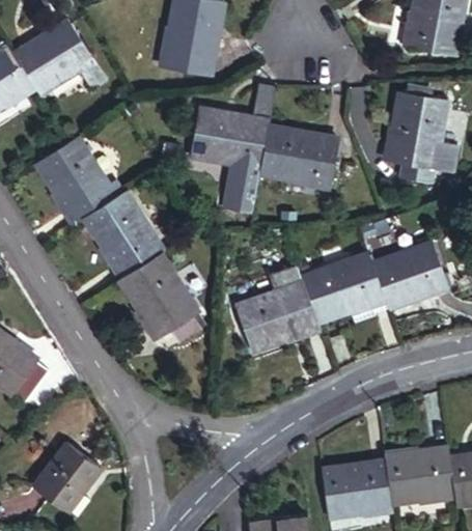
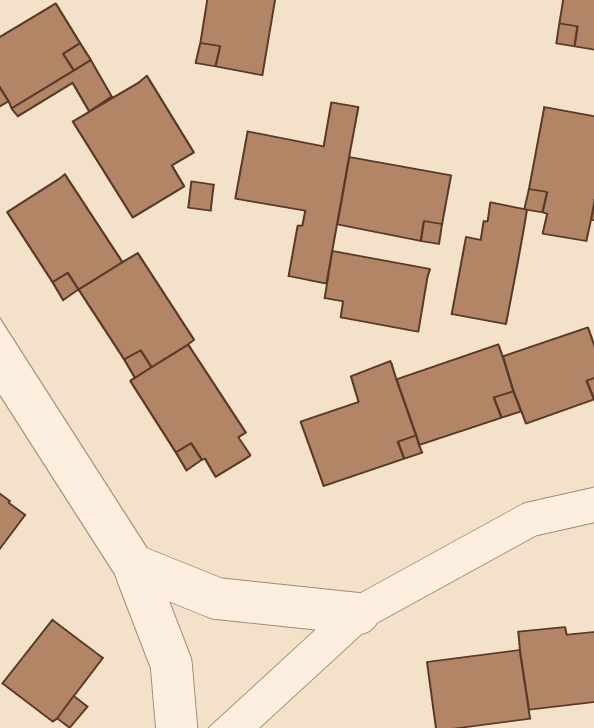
building: none -> [73,76,194,218]
building: none -> [452,202,527,324]
building: none -> [325,251,430,332]

